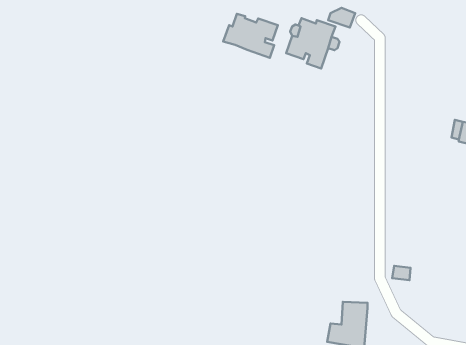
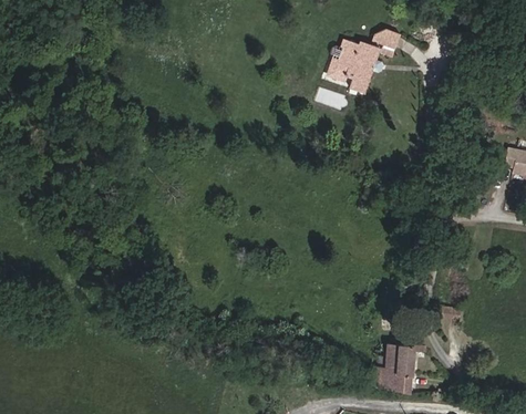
building: [223,14,278,58] -> none

